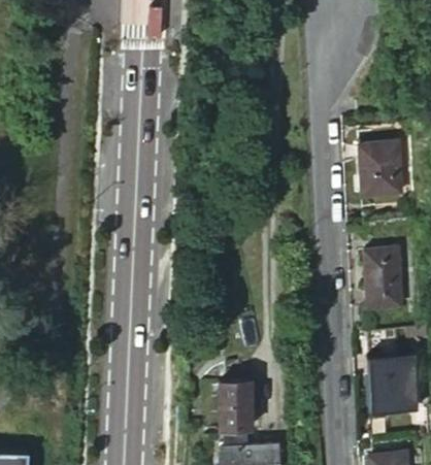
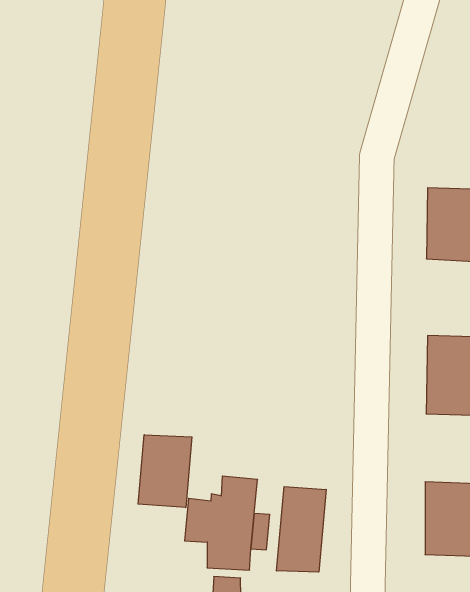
building: none -> [138,435,192,508]
building: none -> [277,487,326,572]

